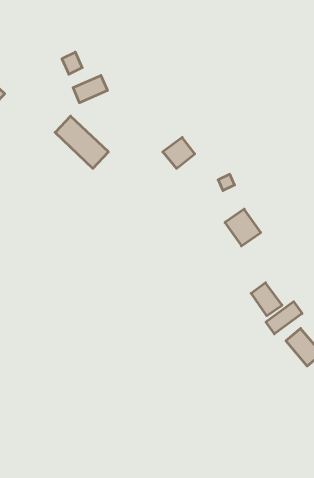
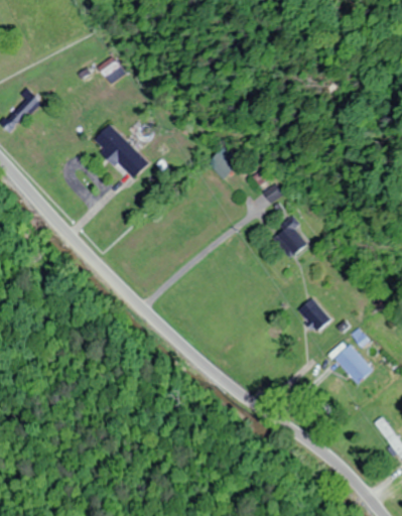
building: [73,75,107,103] -> none
building: [266,302,302,334] -> none

